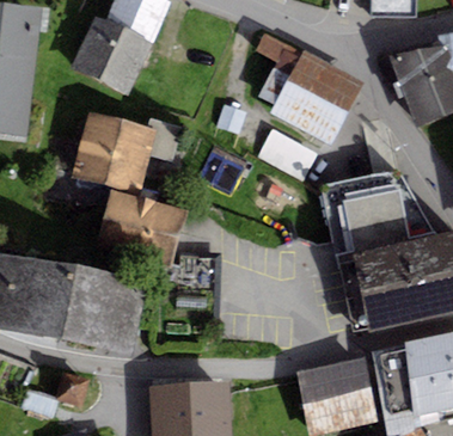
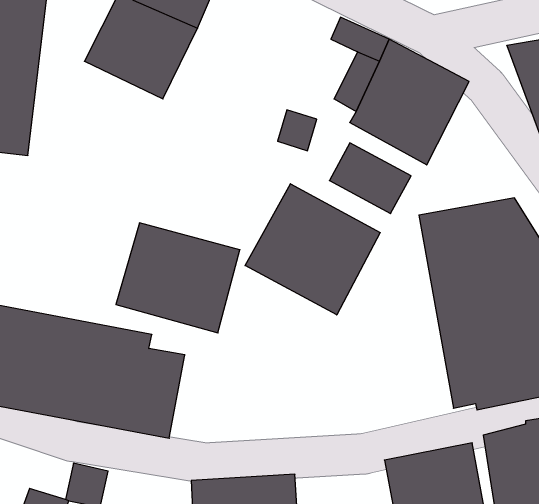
building: [69,111,155,194] -> none
building: none -> [245,184,380,315]

